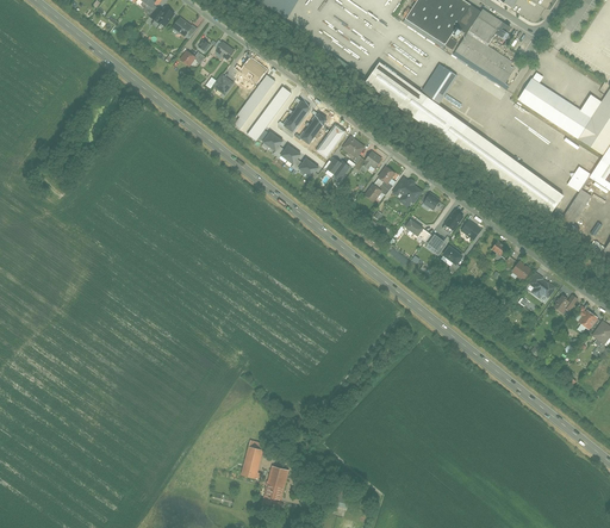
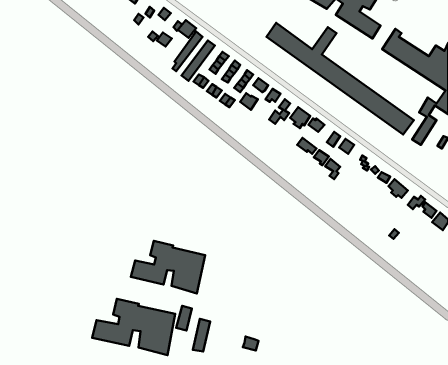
building: none -> [131,241,205,293]
building: none -> [92,299,175,355]

